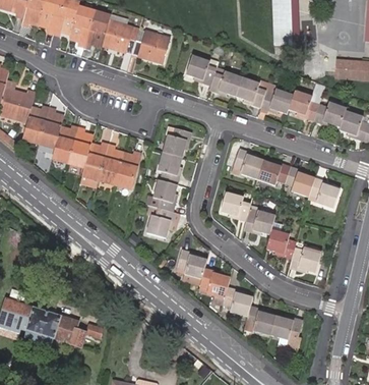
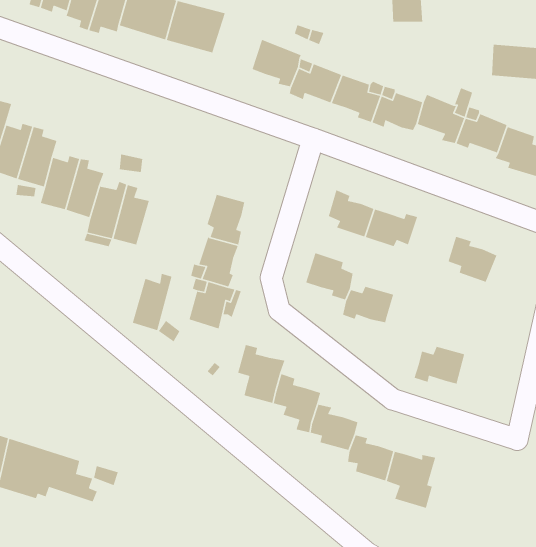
building: [163,125,191,157] -> none
building: [113,153,138,189] -> [132,273,172,331]
building: [284,166,313,198] -> none
building: [264,229,295,259] -> none

